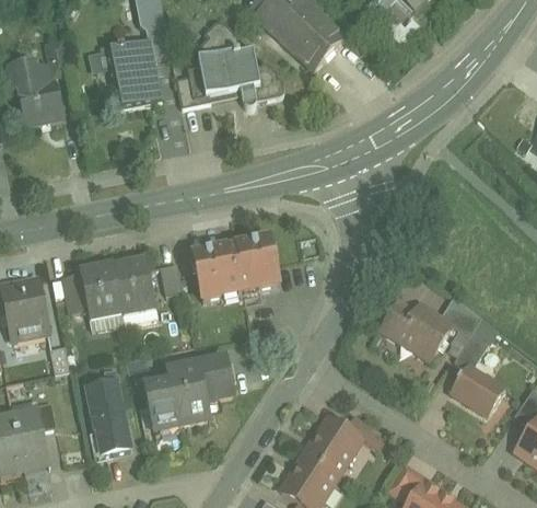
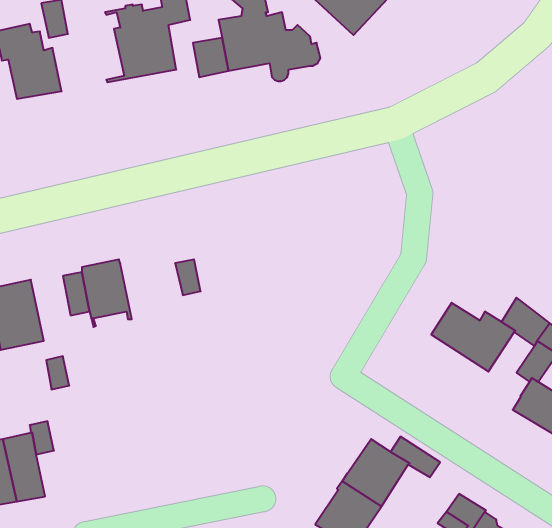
building: [191,235,278,299] -> none
building: [113,258,156,315] -> none
building: [144,358,233,431] -> none
building: [85,381,129,454] -> none

